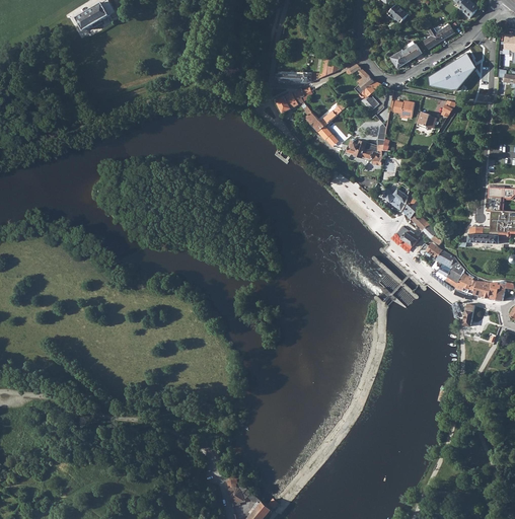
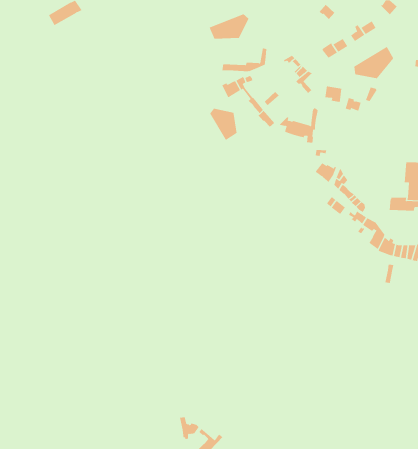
building: none -> [209,13,249,40]
building: none -> [209,108,237,141]

